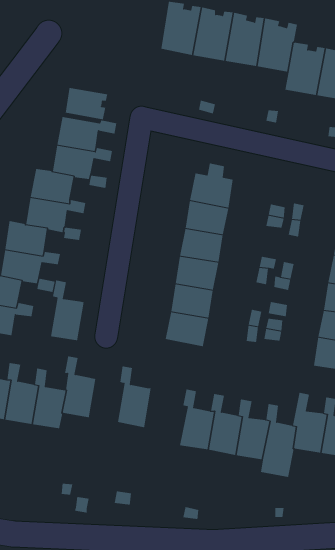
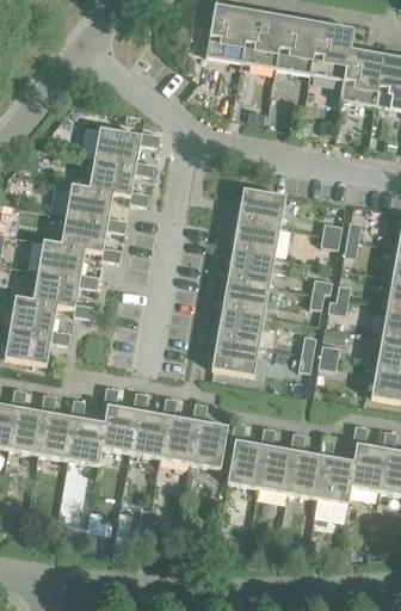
building: [65,87,108,120] -> none
building: [50,280,84,341] -> [130,390,167,456]
building: none -> [190,401,228,467]

